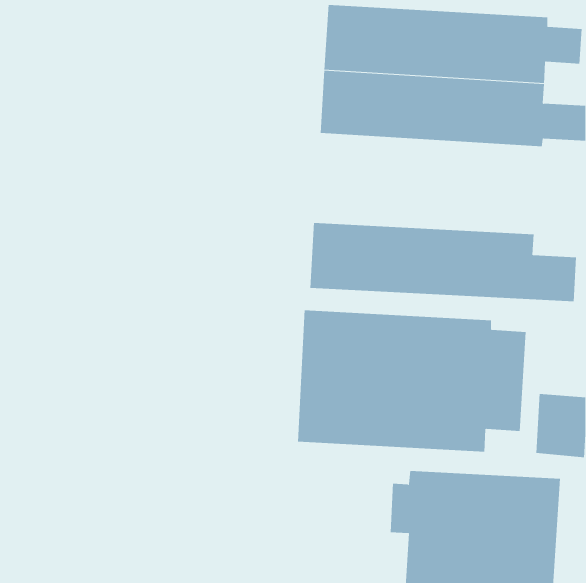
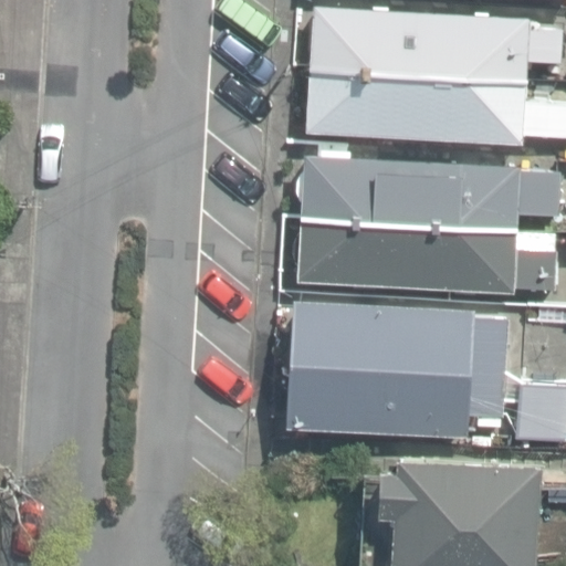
building: none -> [302,155,559,229]

